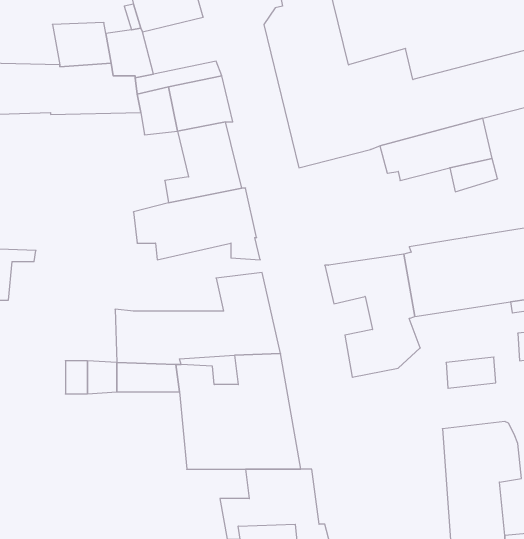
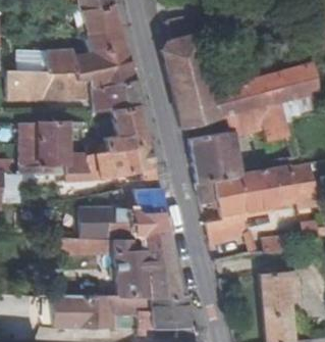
building: none -> [94,45,134,77]
building: none -> [19,120,91,172]
building: none -> [188,131,242,183]
building: none -> [52,296,153,327]

